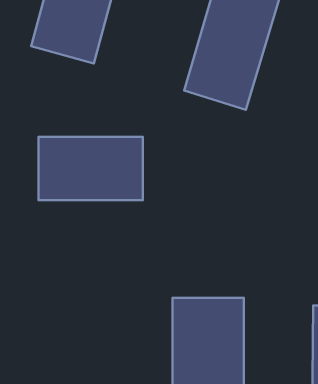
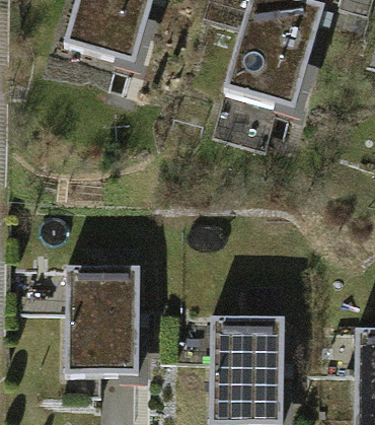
building: [39,137,143,200] -> none
building: none -> [66,266,142,382]

